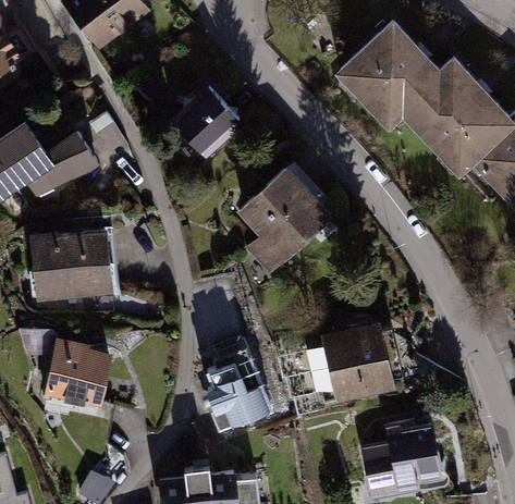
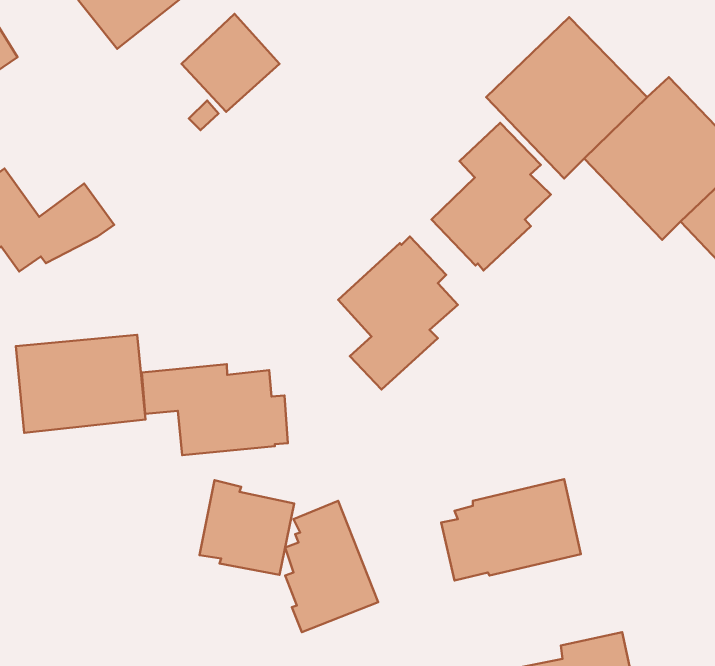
building: [173,90,237,155] -> [181,14,279,112]
building: none -> [432,123,551,270]
building: none -> [142,364,288,455]
building: [46,344,108,406] -> [200,480,294,575]

